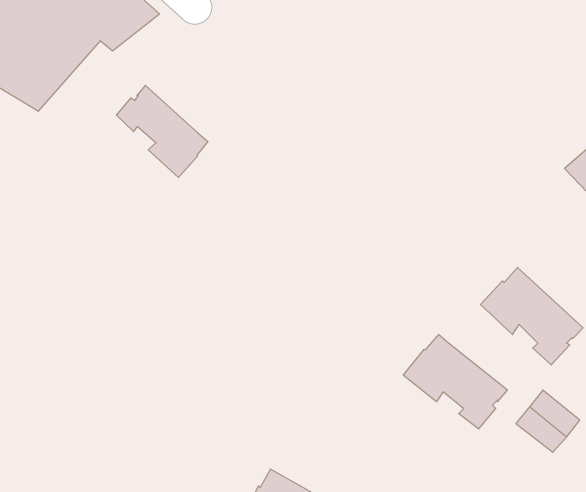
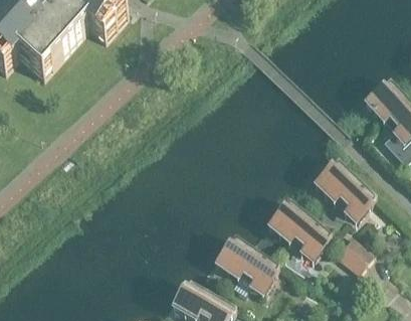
building: [116,85,208,177] -> none
building: none -> [215,239,277,293]

